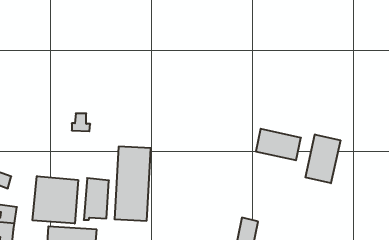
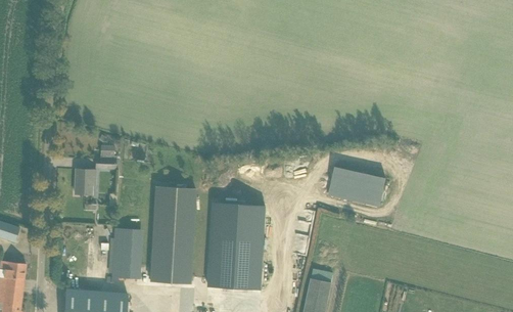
building: none -> [75,170,95,194]
building: [305,134,340,183] -> none
building: none -> [207,203,266,291]
building: [33,176,78,224] -> none

